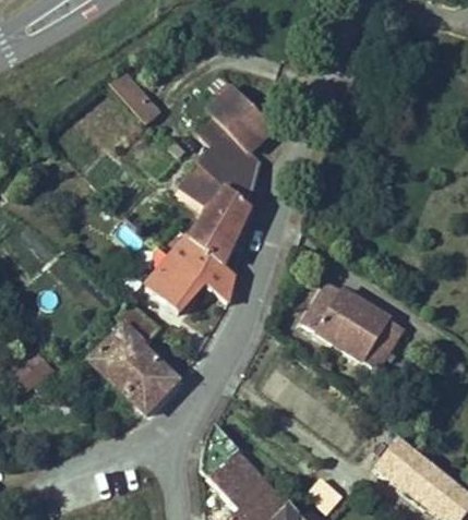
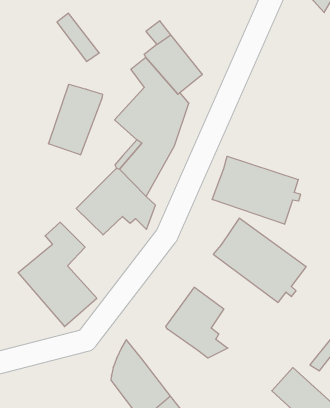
building: none -> [49,84,103,155]
building: none -> [212,156,300,224]
building: none -> [166,287,228,358]

